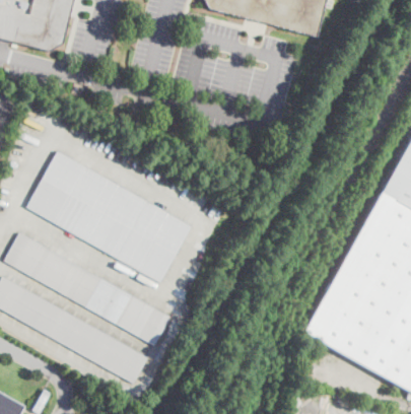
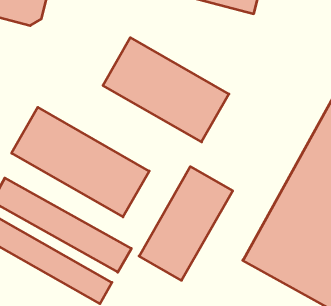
building: none -> [103,38,229,142]
building: none -> [139,167,233,280]

